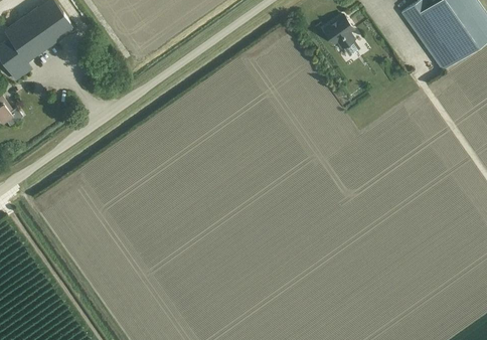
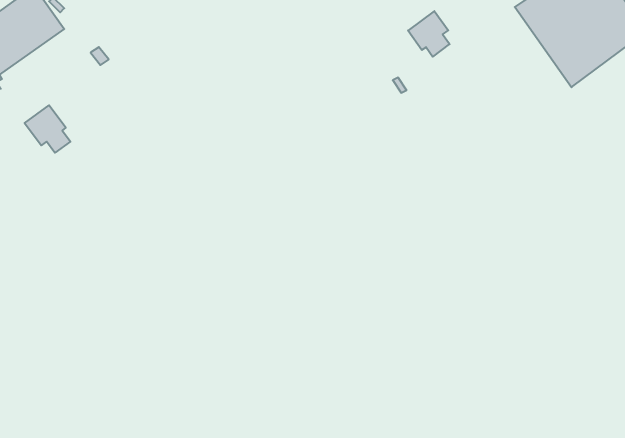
building: none -> [25,105,70,153]

